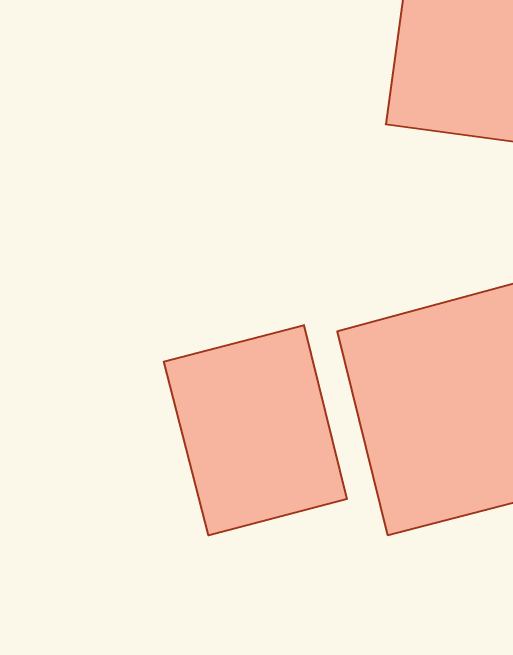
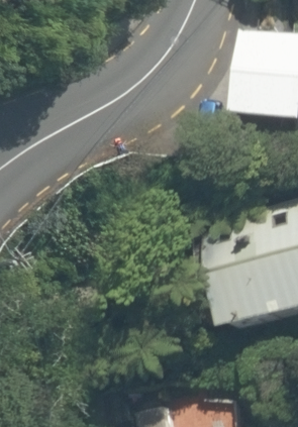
building: [164,325,347,535] -> none

